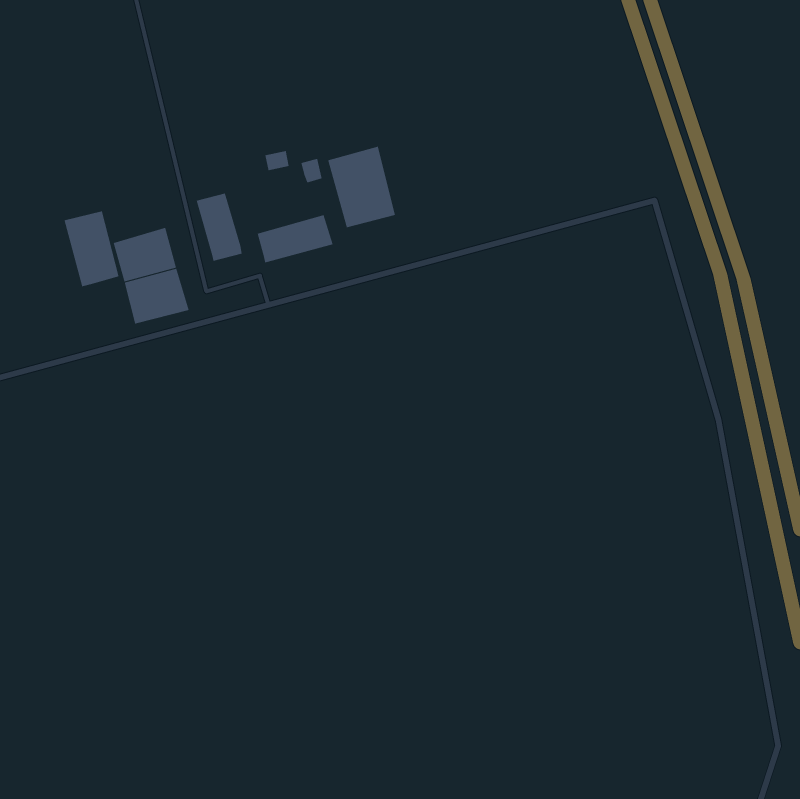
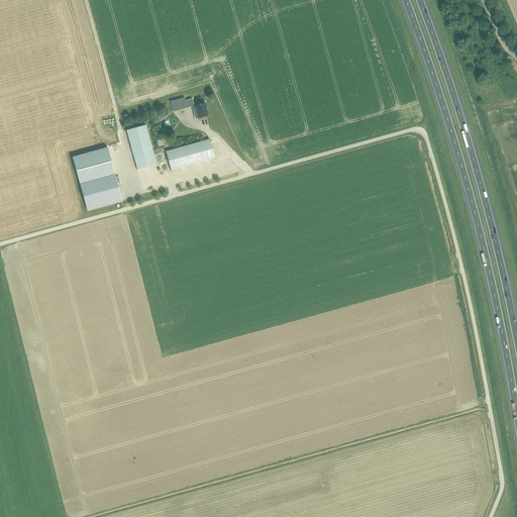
building: [328,146,396,228] -> none
building: [64,211,119,287] -> none

